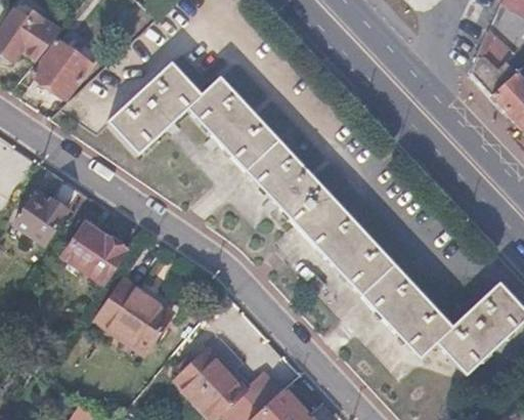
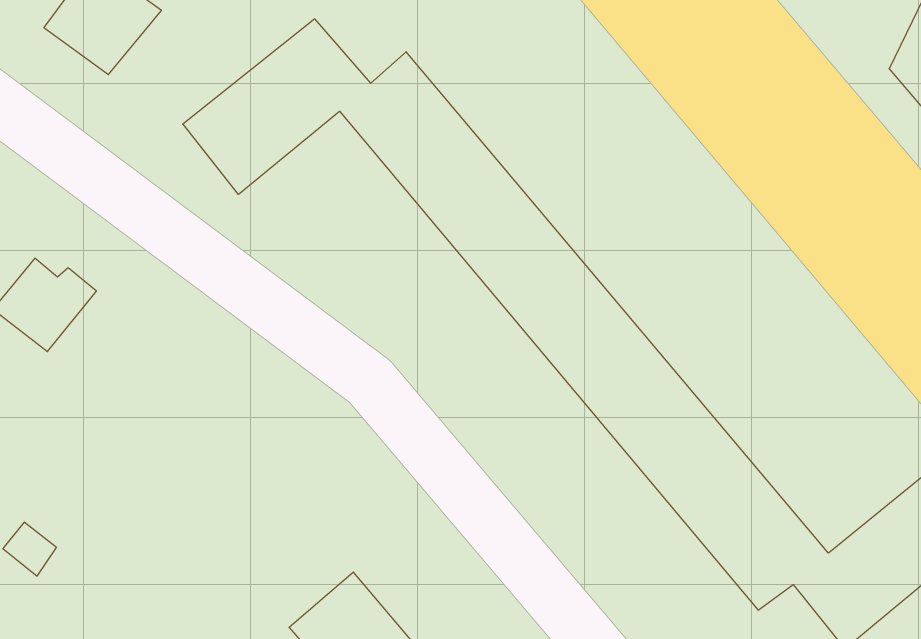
building: [63,223,127,285] -> none
building: [94,280,172,354] -> none

